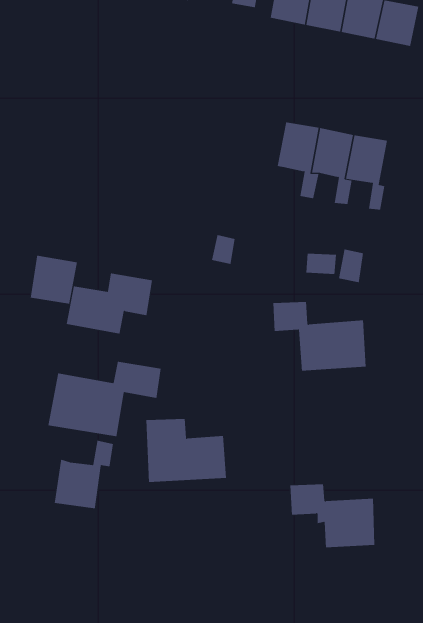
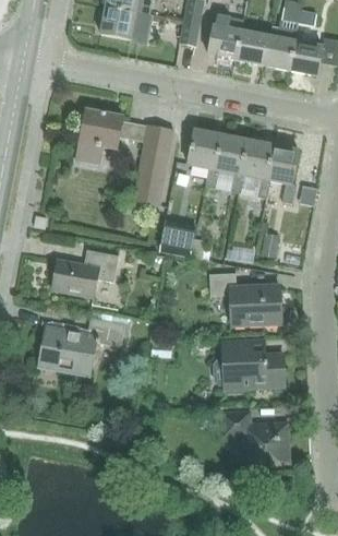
building: none -> [77,108,174,206]
building: none -> [188,129,220,188]
building: [30,255,78,304] -> none
building: [145,418,227,483] -> [224,340,286,389]
building: [54,440,114,509] -> none

